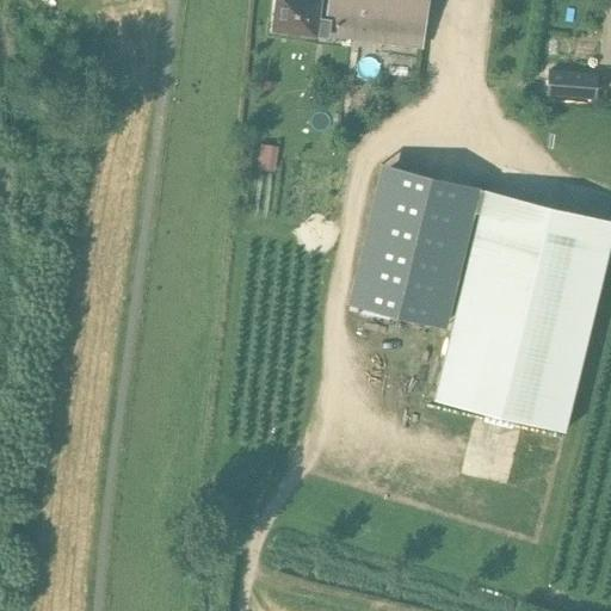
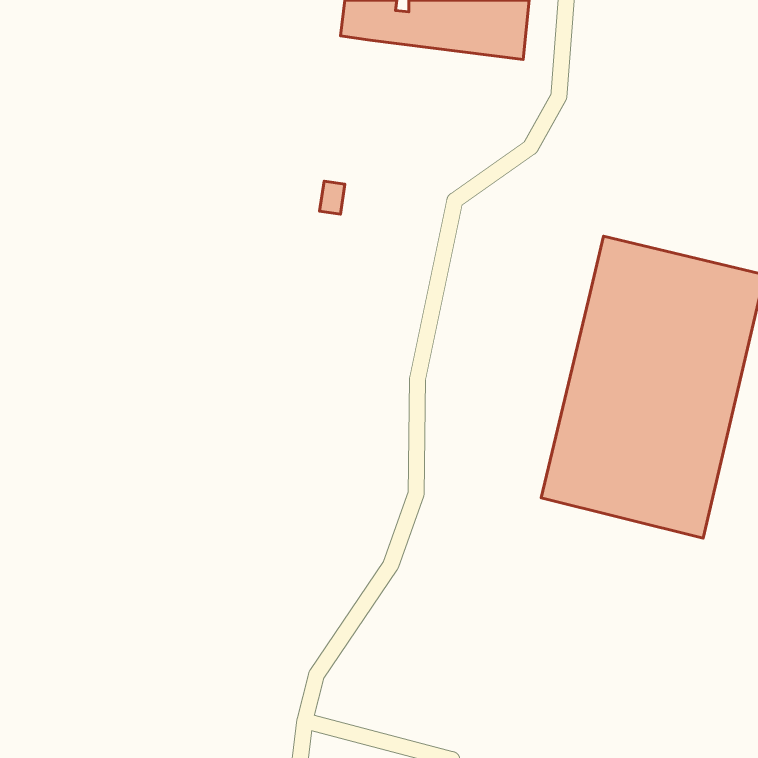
building: [548,72,599,100] -> none
building: [348,165,482,329] -> none

